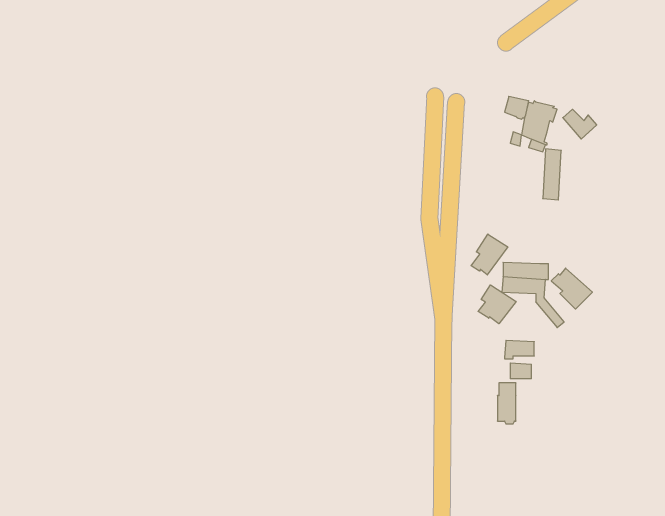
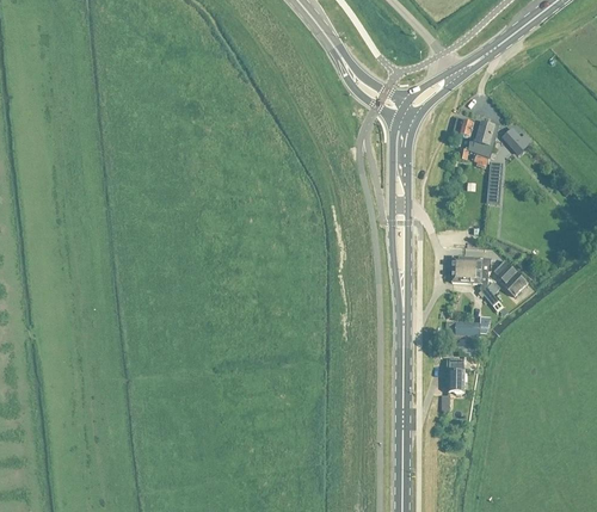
building: [471,234,508,275] -> none
building: [478,285,516,324] -> none

